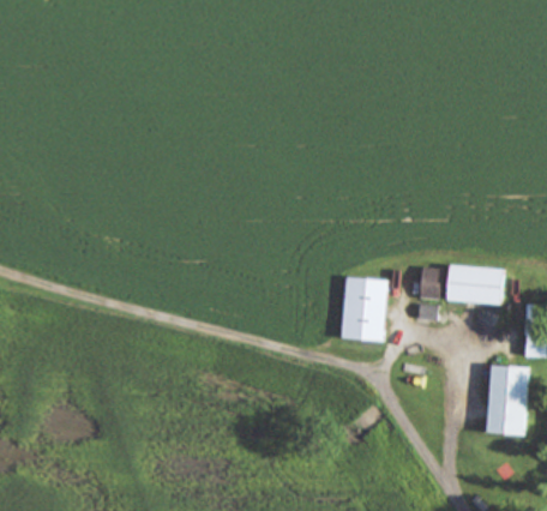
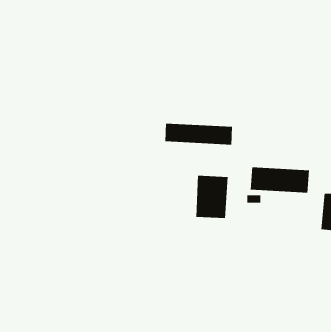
building: none -> [165,123,232,145]
building: [486,363,530,435] -> none

